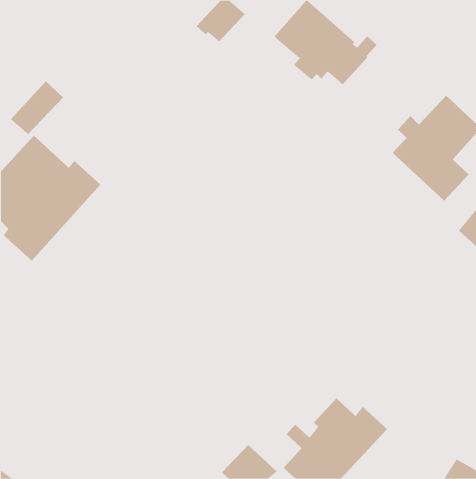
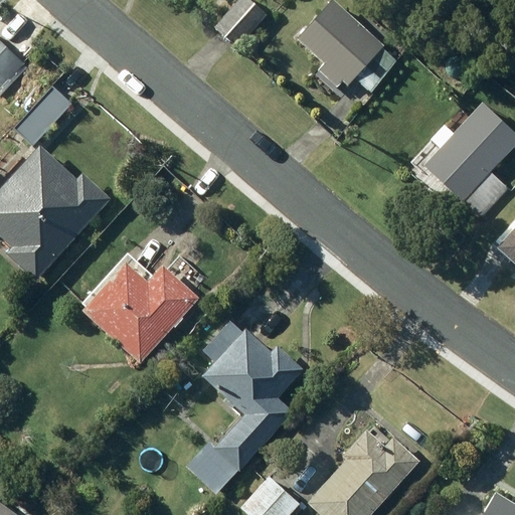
building: none -> [79,262,199,363]
building: none -> [186,321,303,495]

